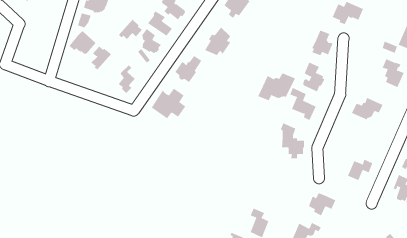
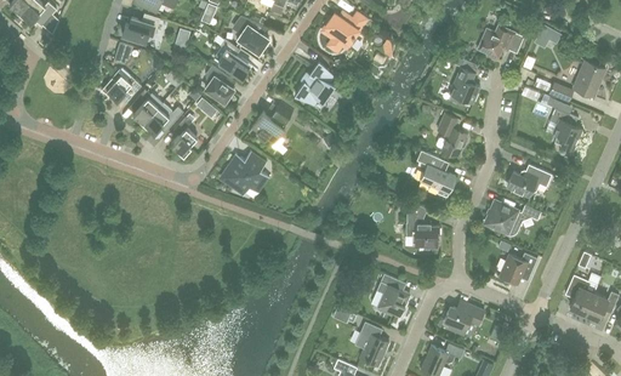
building: [118,19,143,40] -> [142,102,177,132]
building: [258,72,296,101] -> none
building: none -> [485,201,541,235]
building: none -> [376,273,410,317]

